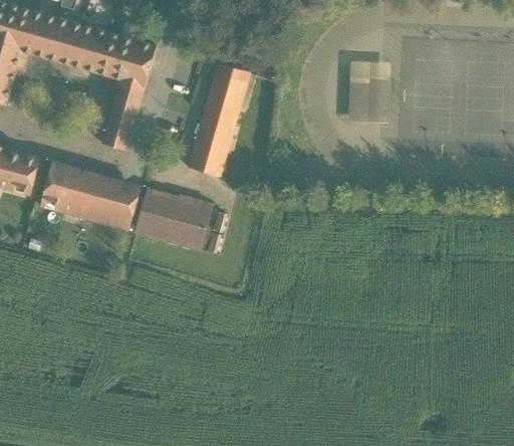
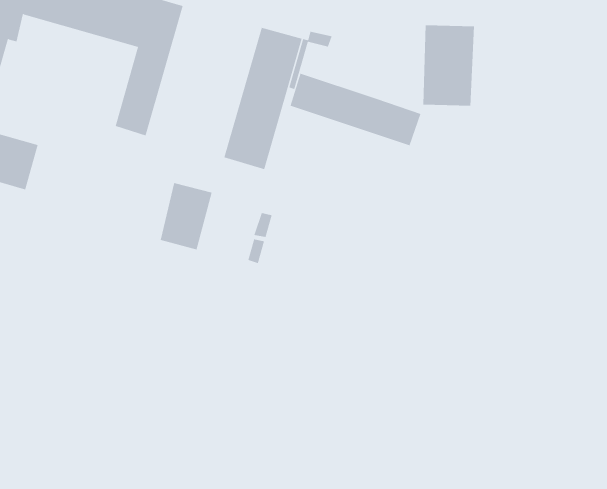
building: none -> [290,73,421,146]
building: [39,159,141,229] -> none
building: [167,194,212,249] -> none

